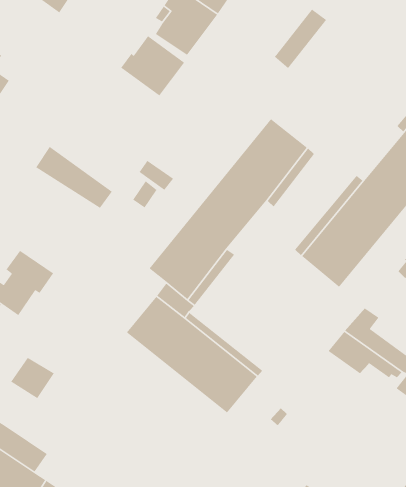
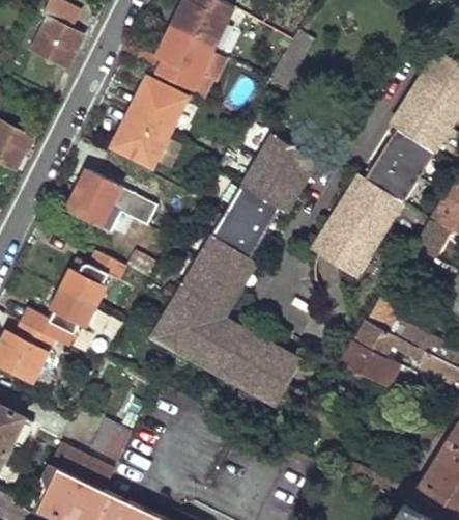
building: none -> [114,109,169,164]
building: none -> [76,170,154,224]
building: none -> [62,253,122,304]
building: none -> [151,288,199,349]
building: none -> [341,339,408,383]
building: [10,357,55,399] -> [92,421,132,459]

